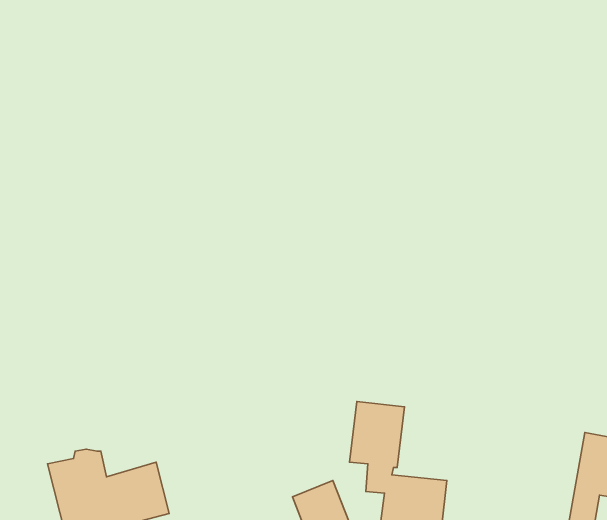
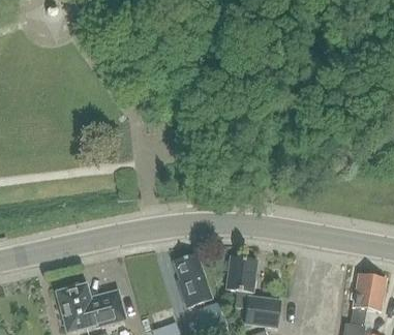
building: none -> [174,253,212,307]

